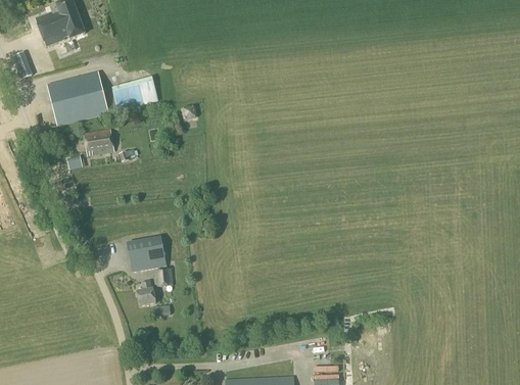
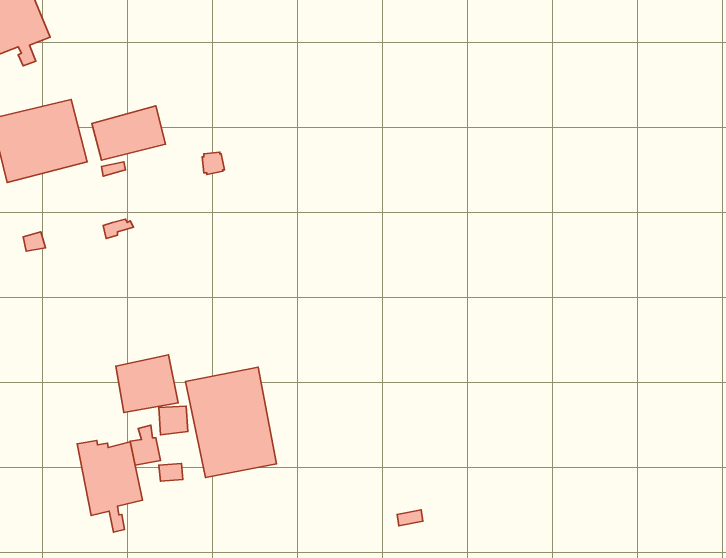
building: [83,128,113,155] -> none
building: none -> [185,367,277,478]
building: none -> [77,440,142,532]

